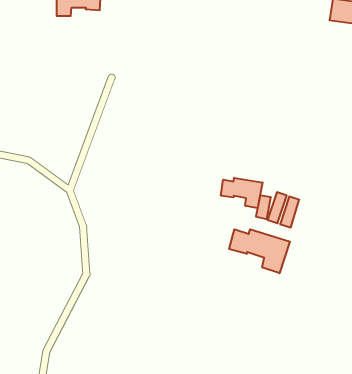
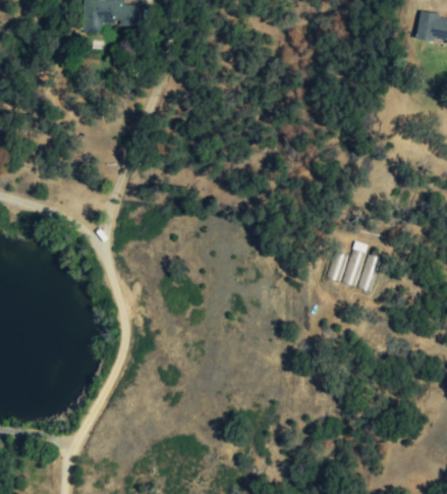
building: [221,178,263,208] -> none
building: [229,229,290,273] -> none

